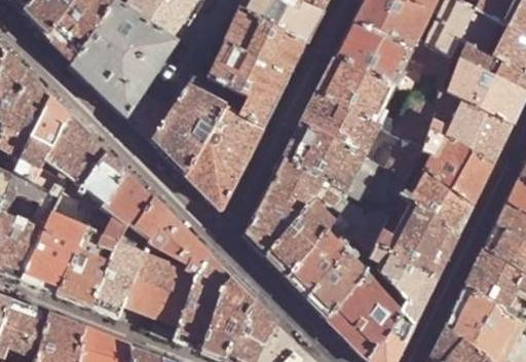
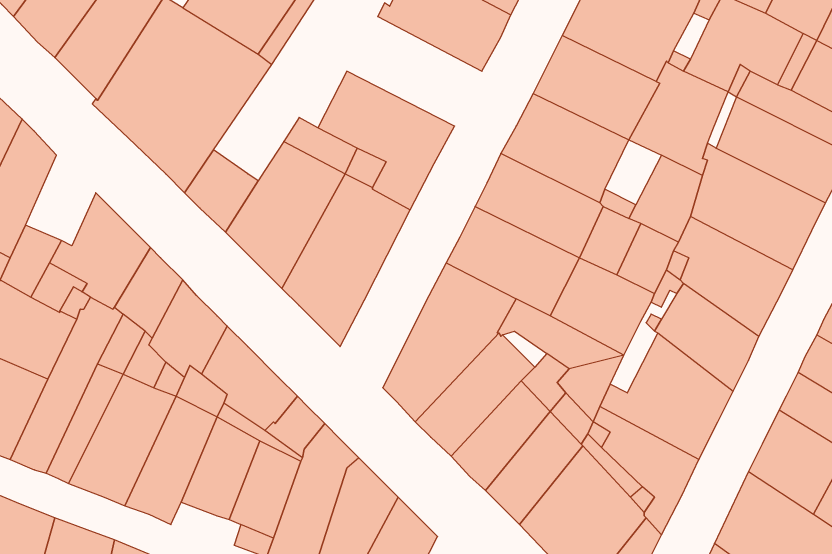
building: [224,11,305,77] -> none
building: [31,95,73,149] -> none

